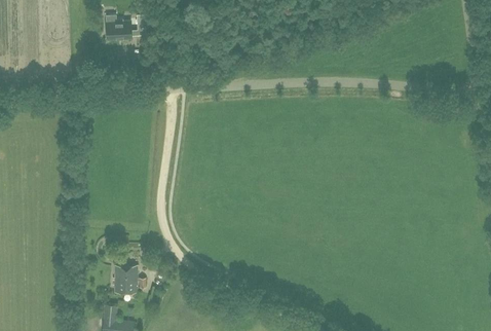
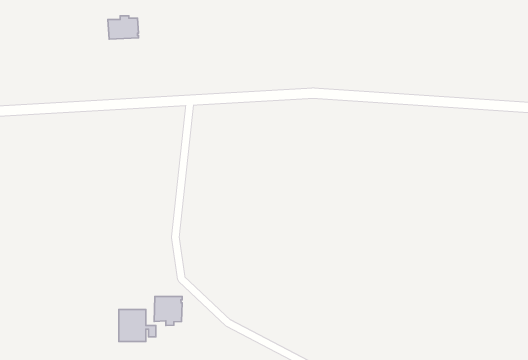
building: none -> [154,297,182,326]

